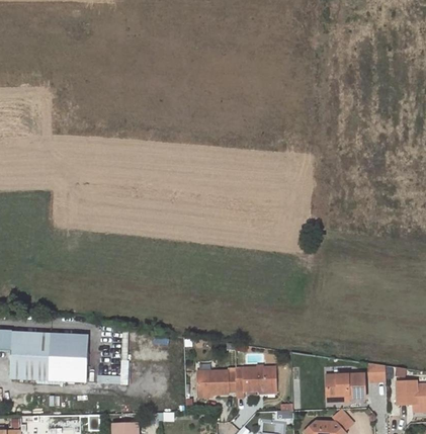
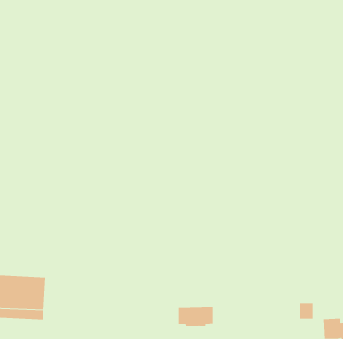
building: [197,370,236,394] -> none
building: [326,374,365,399] -> none

